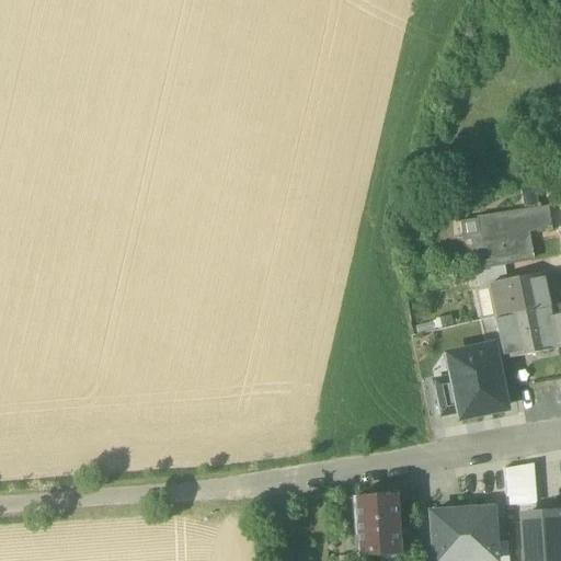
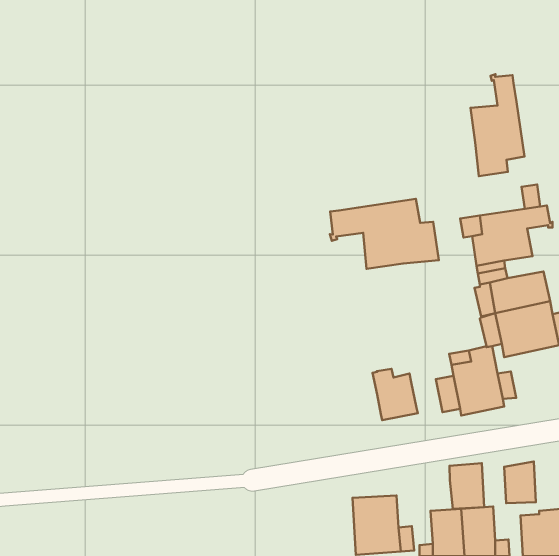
building: none -> [470,74,525,176]
building: none -> [330,199,439,269]
building: none -> [373,369,418,420]
building: none -> [450,463,484,509]

